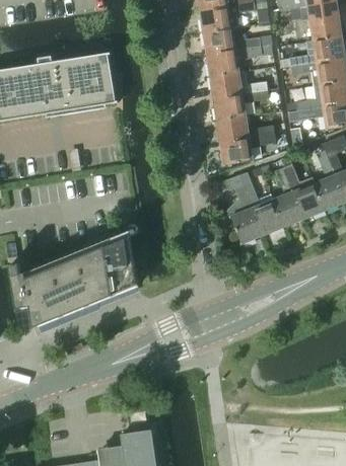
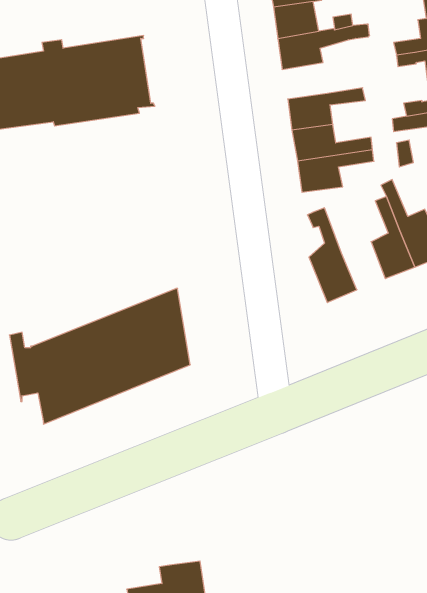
building: [209,70,267,97] -> none
building: [239,172,283,234] -> none

